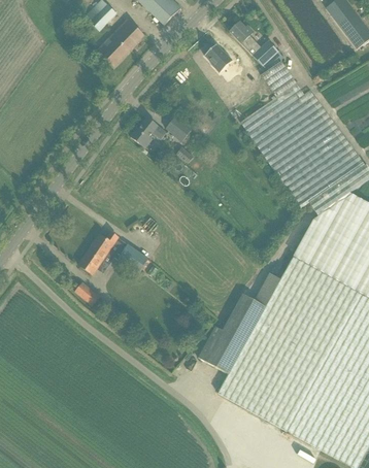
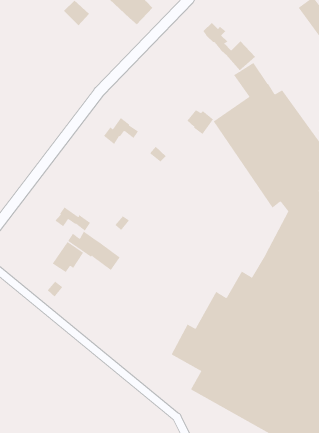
building: [98,20,145,67] -> none
building: [205,44,233,72] -> none
building: [166,118,194,143] -> [186,109,214,135]
building: none -> [54,206,91,232]

